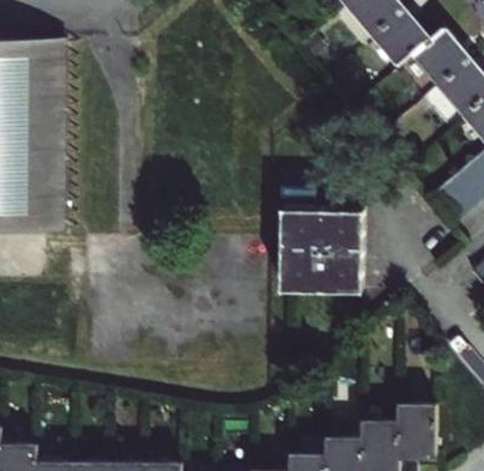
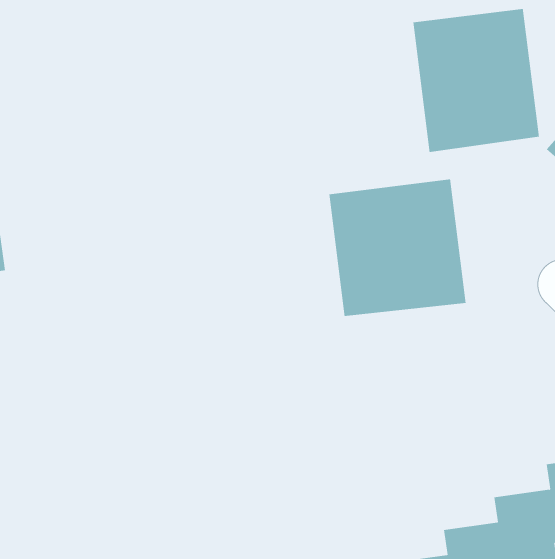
building: none -> [413,8,539,153]

